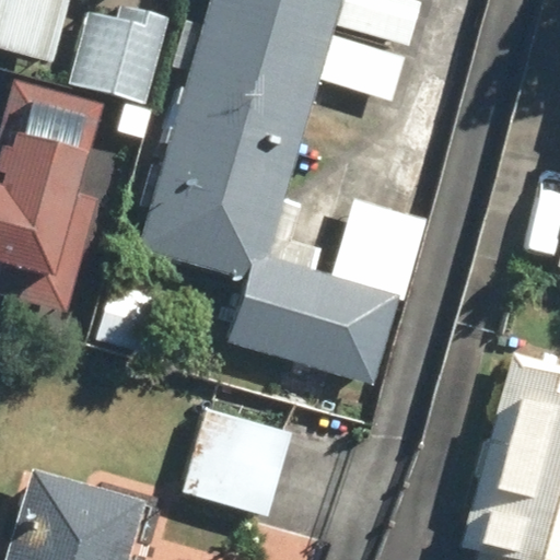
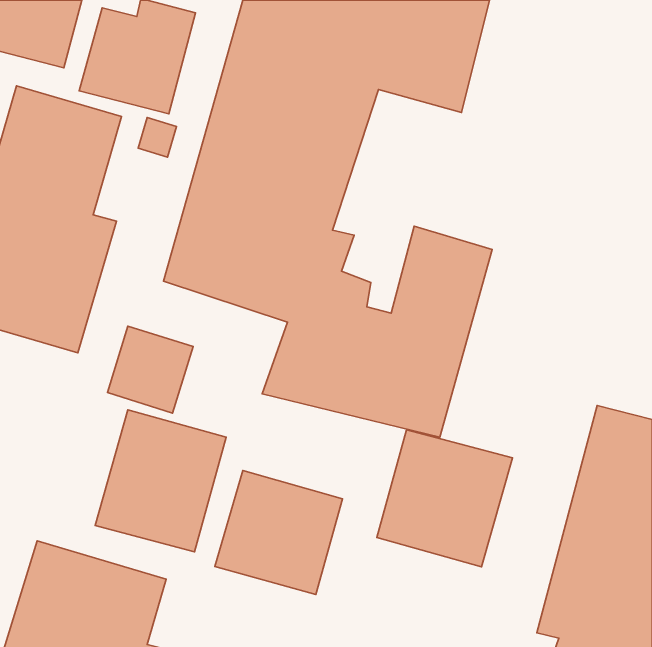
building: none -> [95,410,226,552]
building: none -> [377,430,512,567]

